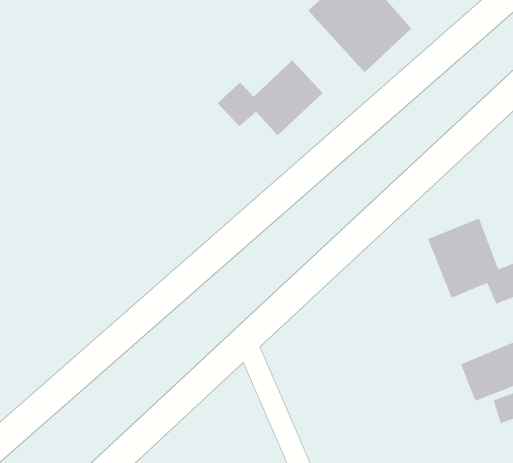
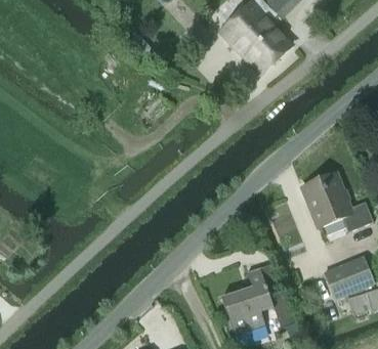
building: [217,59,324,136] -> none
building: none -> [221,267,296,337]

